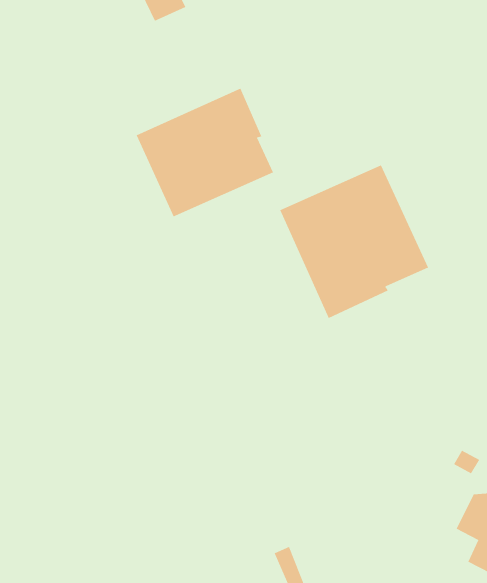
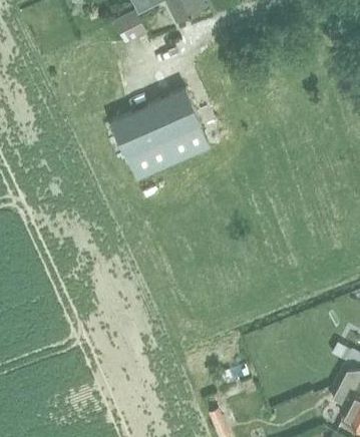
building: [280,164,429,319] -> none

